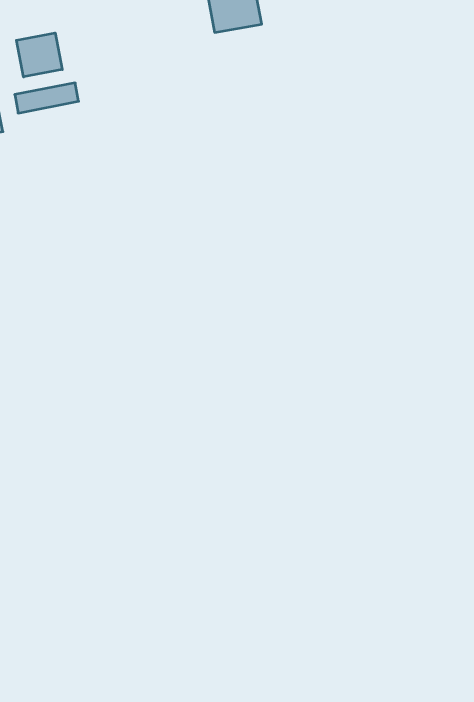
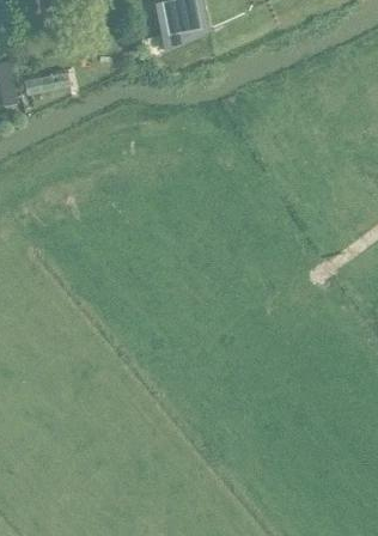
building: [16,33,62,77] -> none

